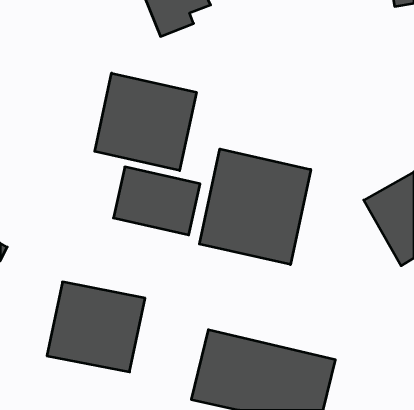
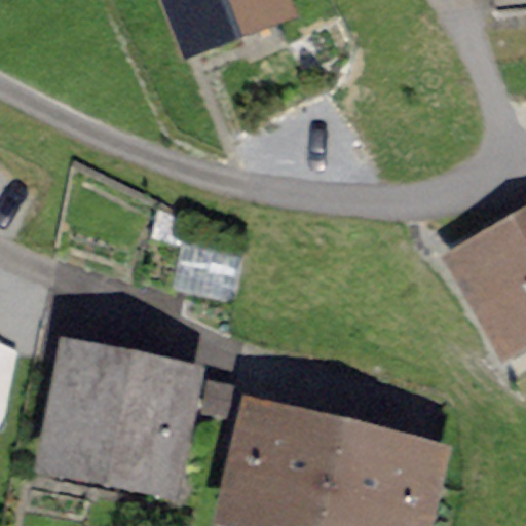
building: [95,73,196,171] -> none
building: [199,149,311,265] -> none

